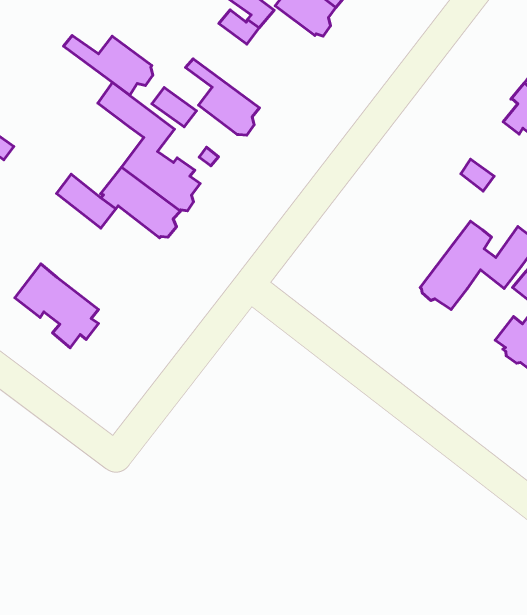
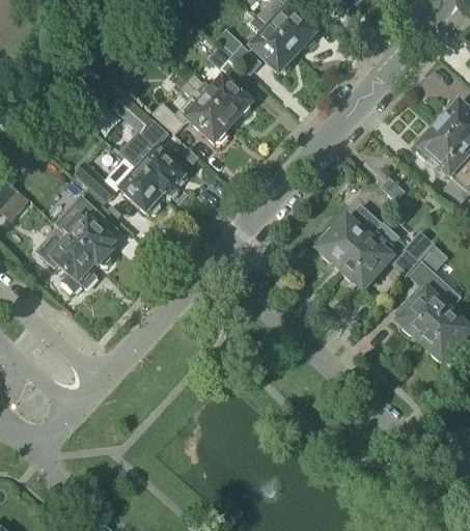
building: [63,36,153,95] -> [186,74,251,122]
building: none -> [314,203,383,269]
building: none -> [54,195,116,263]

